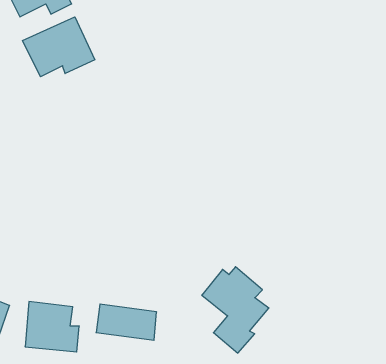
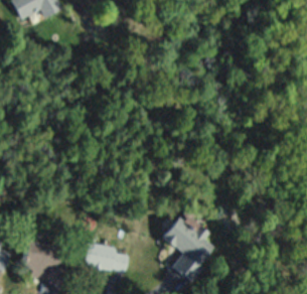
building: [23,17,95,77] -> none

